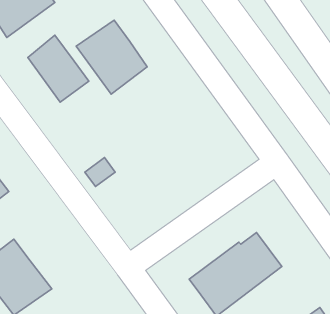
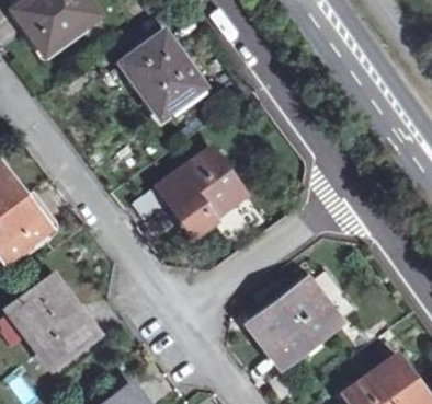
building: [28,35,89,102] -> none
building: none -> [159,150,243,234]

